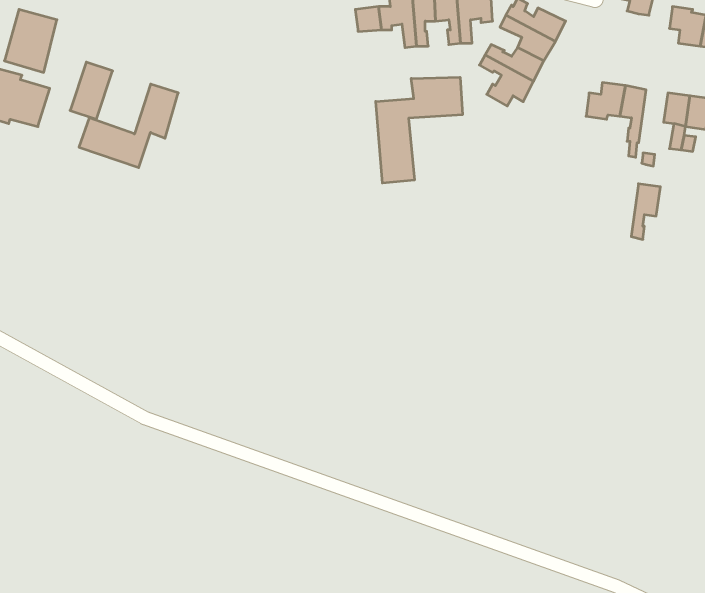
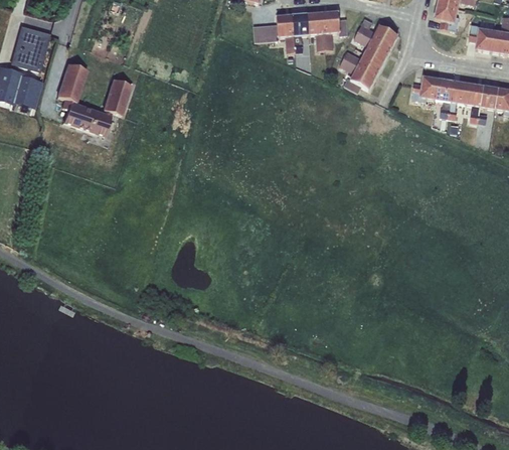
building: [376,77,462,183] -> none
building: [631,184,660,239] -> [449,82,469,120]

